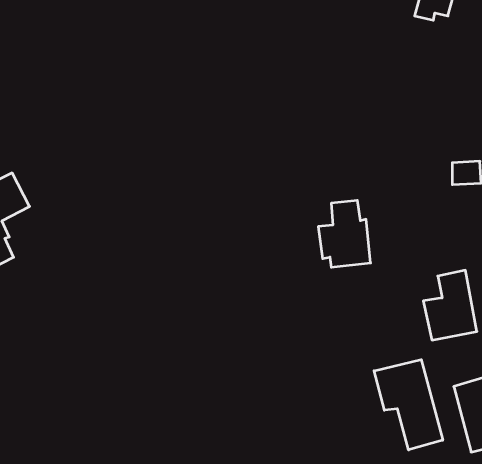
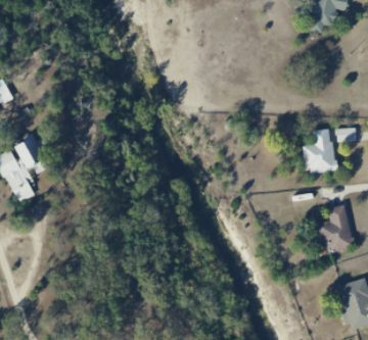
building: [318,200,371,267] -> [305,128,341,175]
building: [374,360,443,450] -> none

